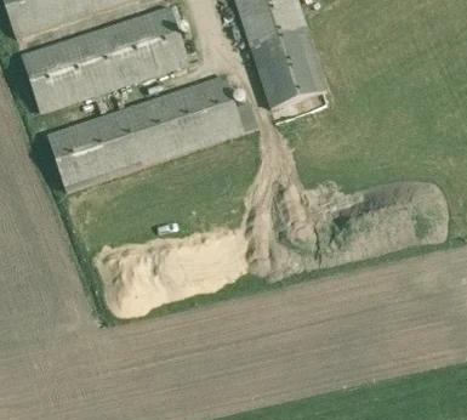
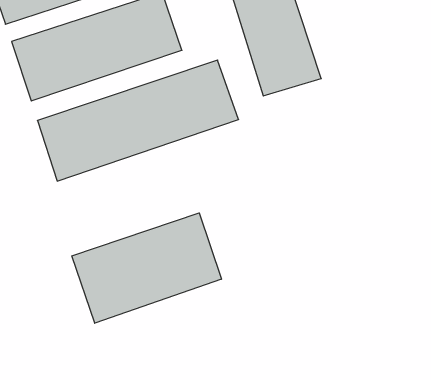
building: none -> [72,213,221,323]

